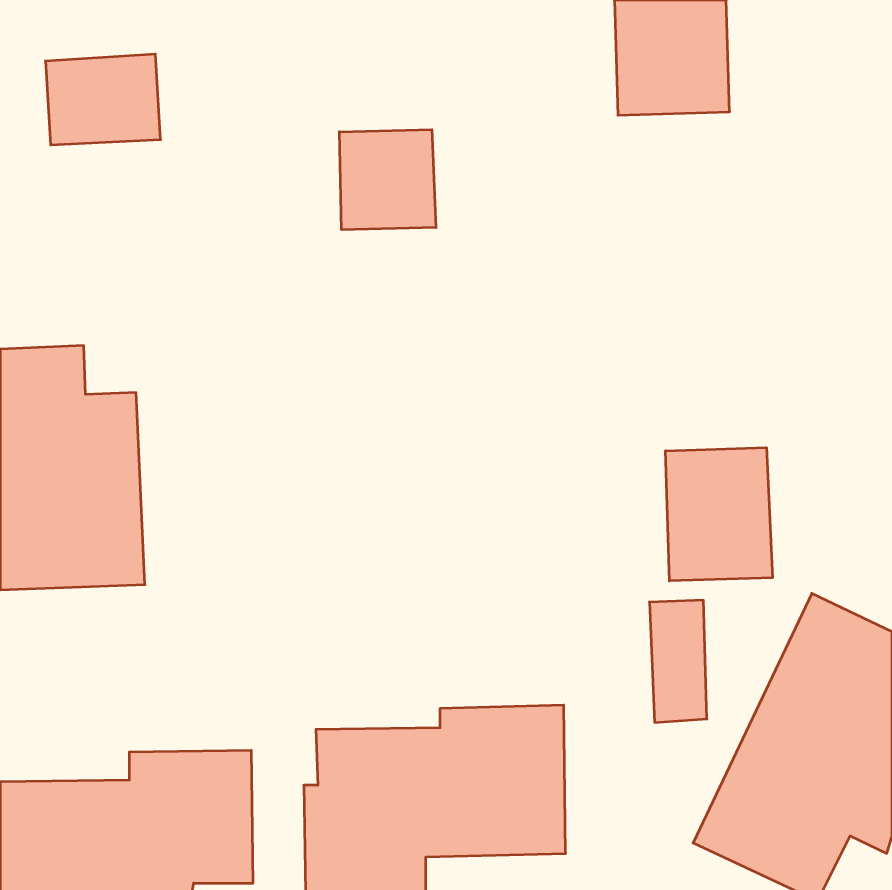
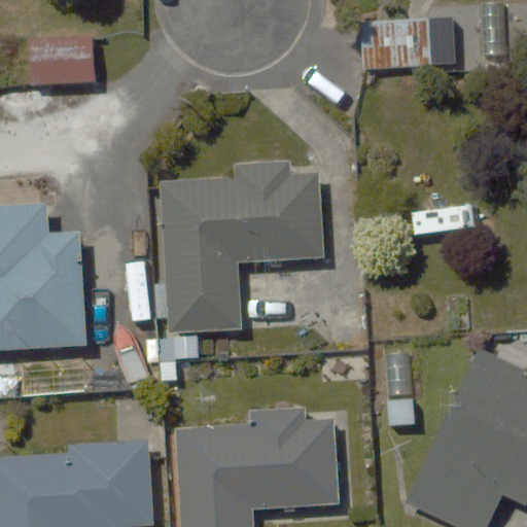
building: [339,130,436,230] -> none
building: none -> [162,155,318,329]
building: [666,448,772,581] -> none

